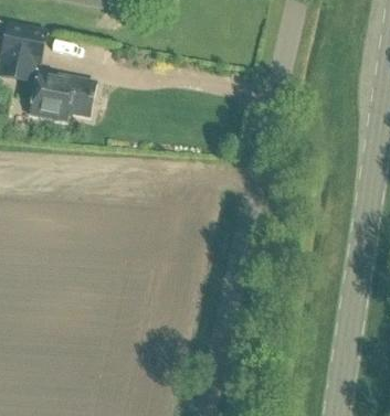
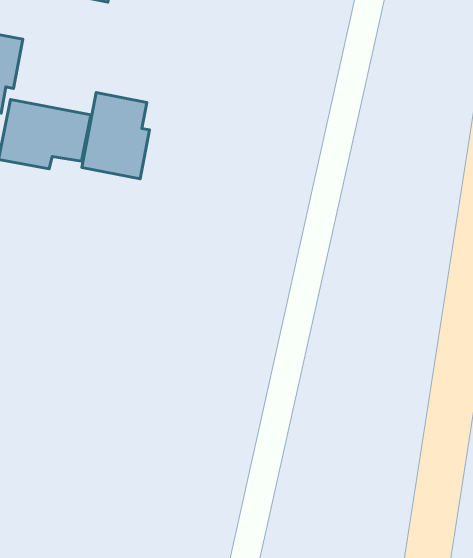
building: none -> [82,93,150,179]

